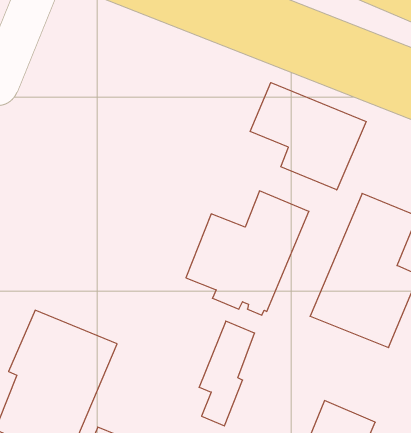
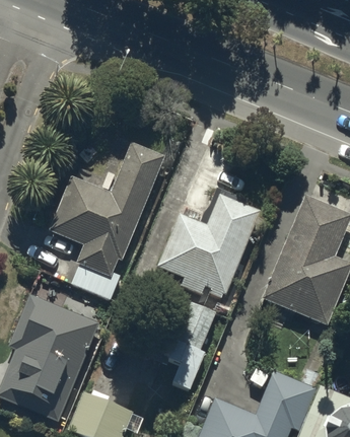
building: [250,83,366,190] -> none
building: none -> [49,143,164,278]

